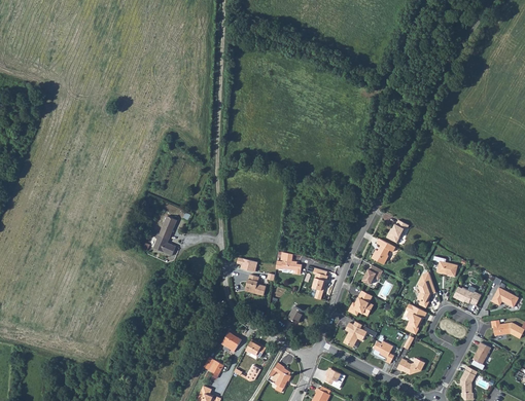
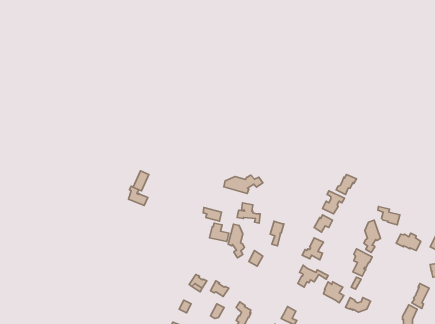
building: none -> [224,175,263,193]
building: none -> [228,224,244,258]

